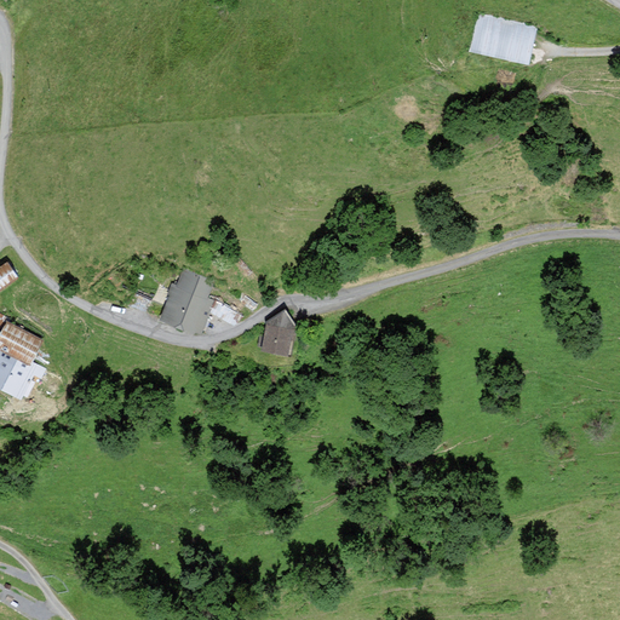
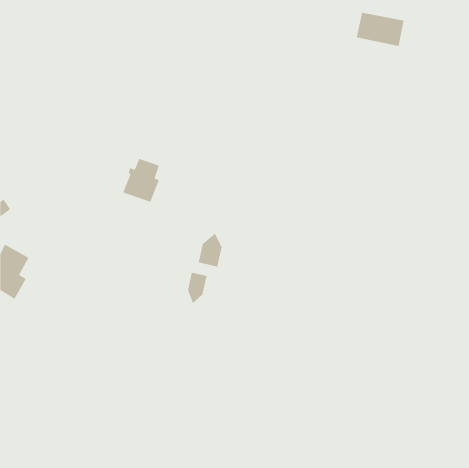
building: [161,274,211,333] -> [122,158,160,203]
building: none -> [187,272,207,304]

